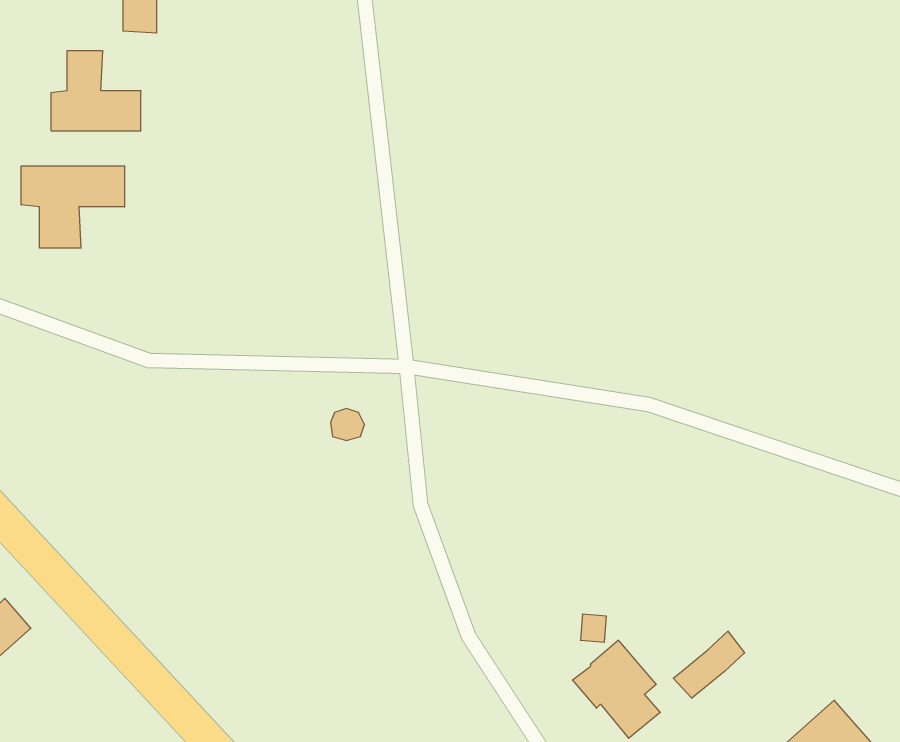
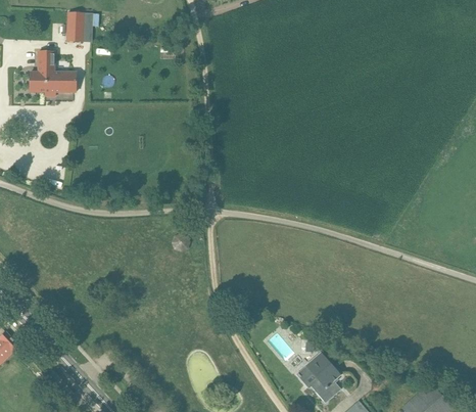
building: [21,166,125,248] -> none
building: [673,631,745,698] -> none

